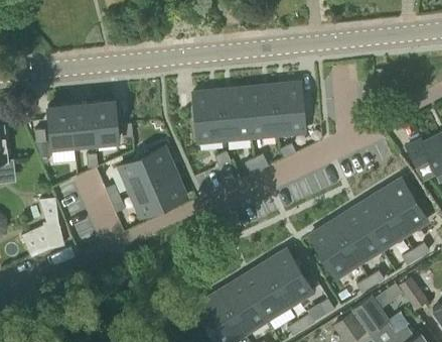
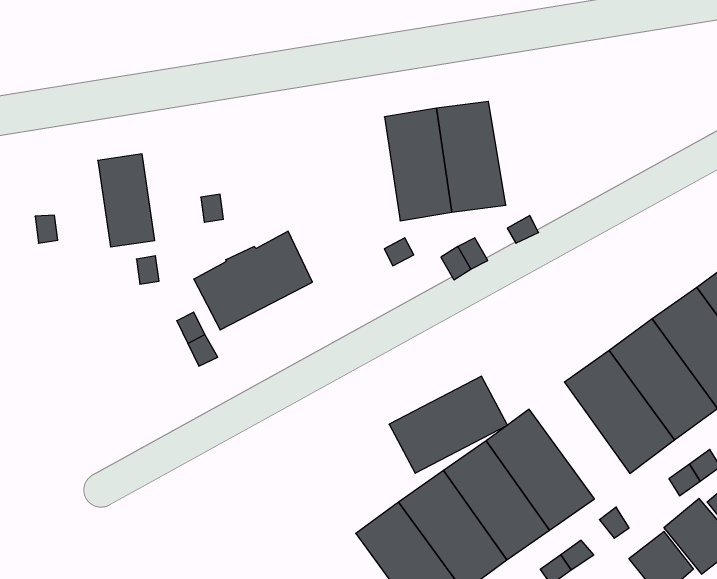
building: [274,81,307,138] -> none
building: [191,89,225,145] -> none
building: [93,99,120,146] -> none
building: [45,103,73,150] -> none
building: [128,173,189,221] -> [389,376,508,473]
building: [22,200,64,258] -> none

